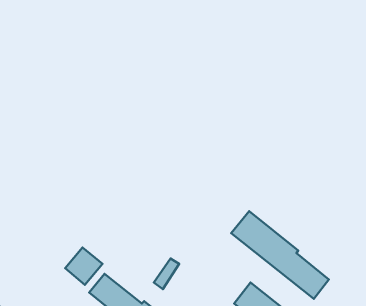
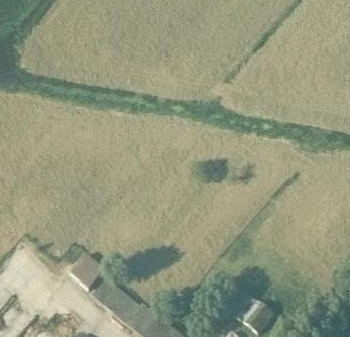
building: [231,211,329,299] -> none

